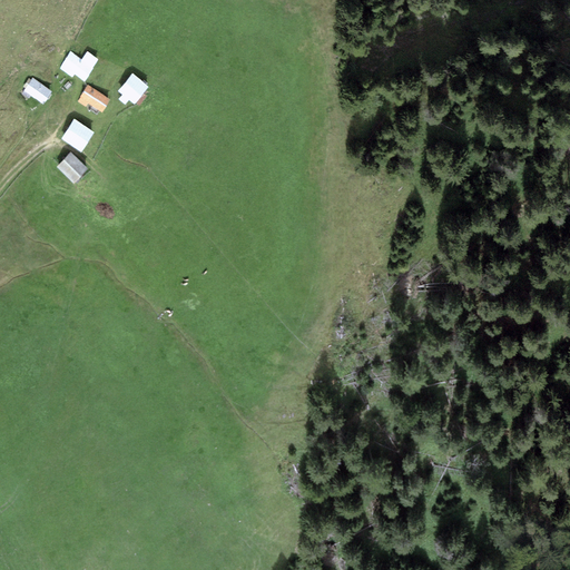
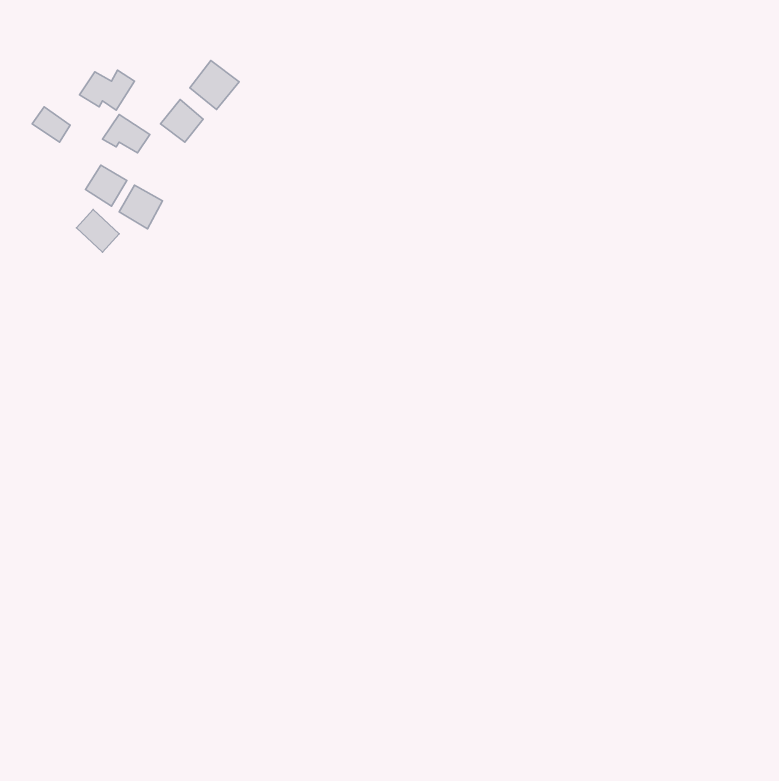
building: none -> [190,61,239,110]
building: none -> [119,185,162,229]

